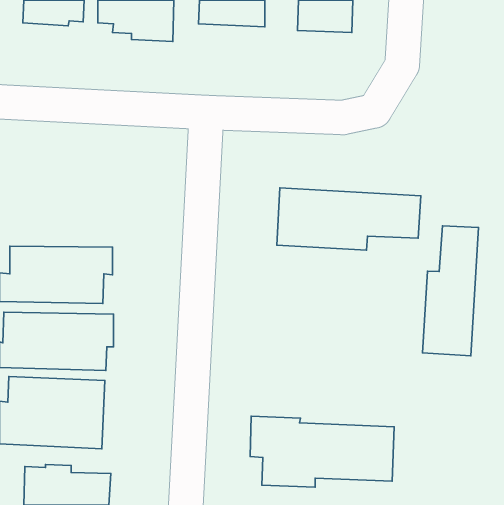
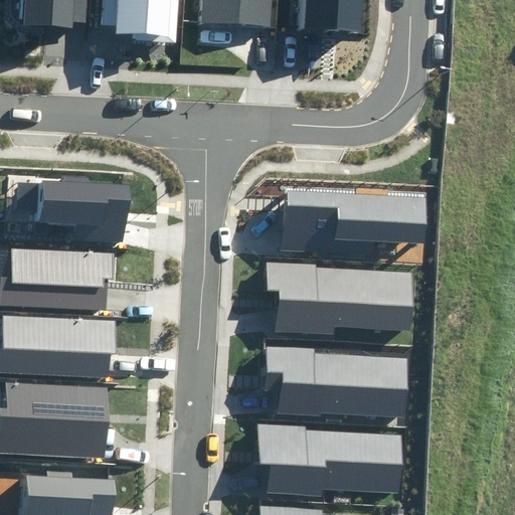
building: none -> [38,174,127,242]
building: [422,226,478,356] -> none
building: none -> [265,262,411,335]
building: none -> [263,344,409,416]

